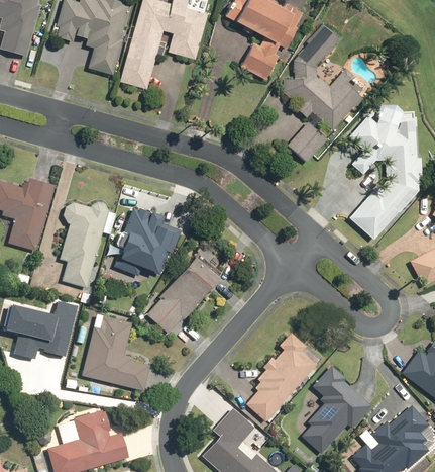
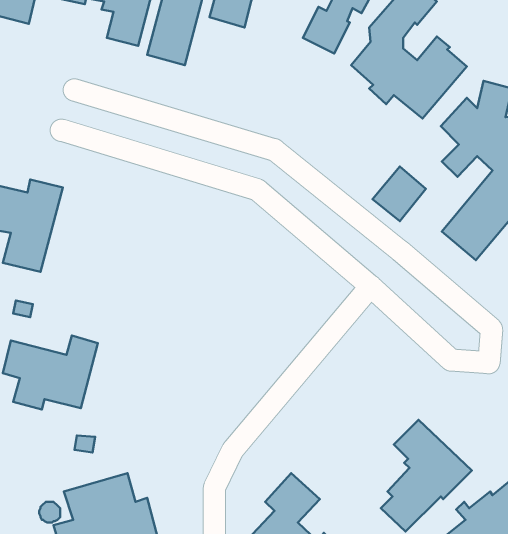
building: [287,121,328,164] -> [373,167,426,221]
building: [61,202,117,289] -> none
building: [115,207,183,277] -> none
building: [145,254,222,336] -> none
building: [83,317,150,390] -> none
building: [246,331,316,420] -> none

